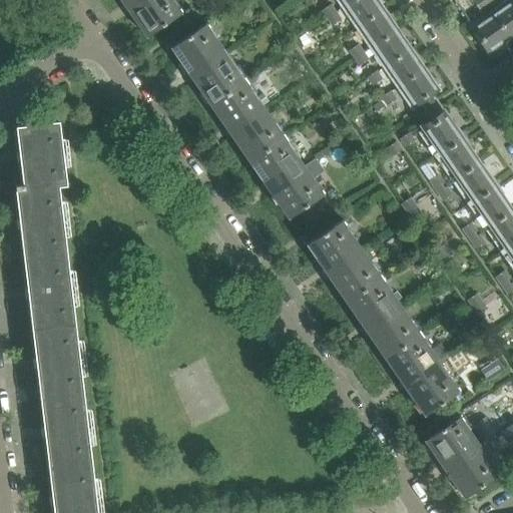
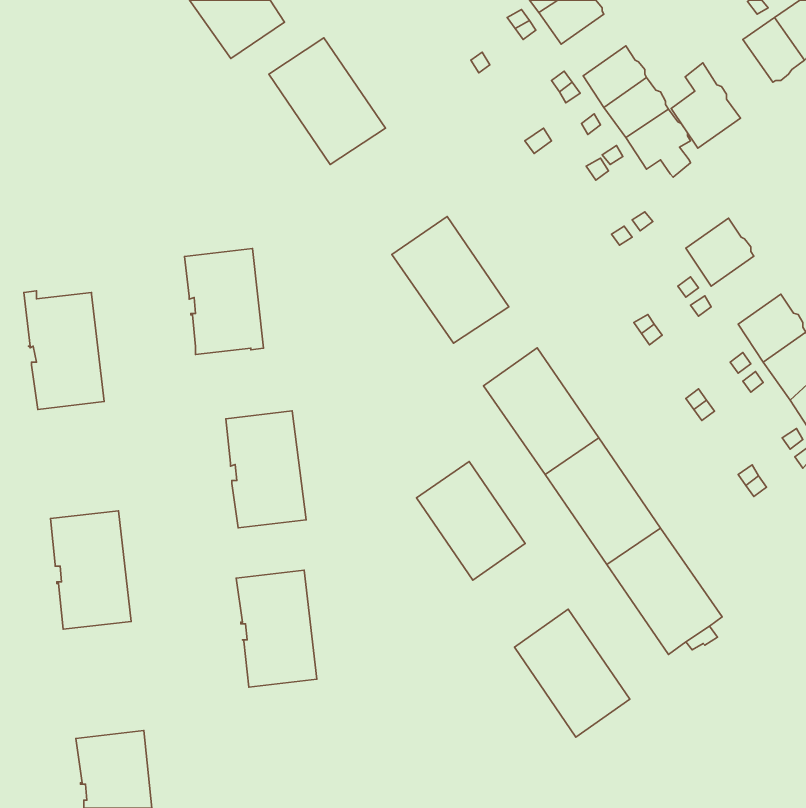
building: [357,9,398,48] -> none
building: [210,81,285,161] -> none
building: [419,103,463,157] -> [671,63,741,148]
building: [17,122,67,189] -> [185,249,264,355]
building: [452,162,496,205] -> none
building: [25,254,76,329] -> [226,411,306,528]
building: none -> [416,461,525,580]
building: [41,394,92,468] -> [236,570,317,687]
building: [426,417,499,498] -> [514,609,630,737]

